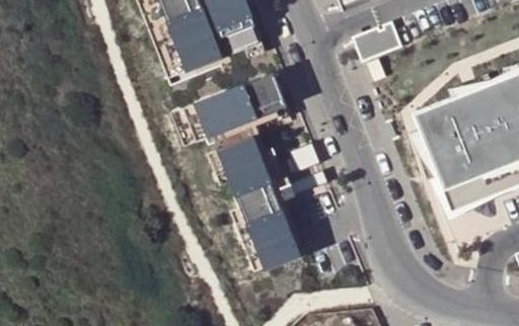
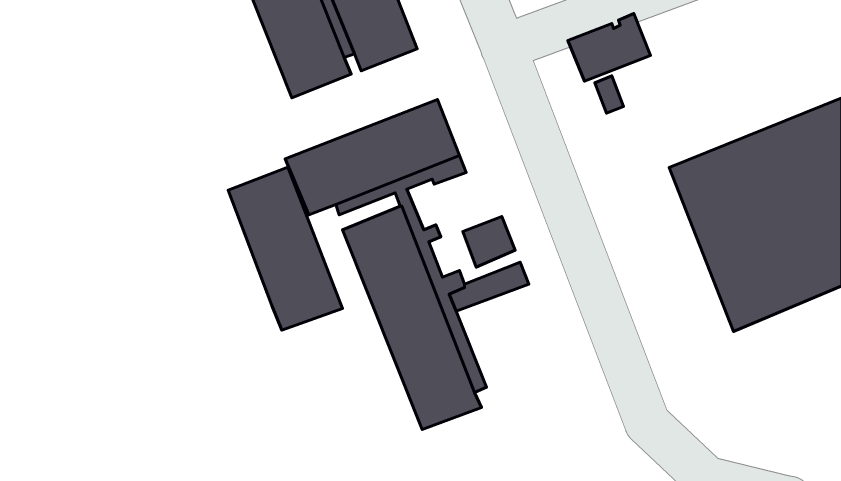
building: none -> [228,167,343,330]

